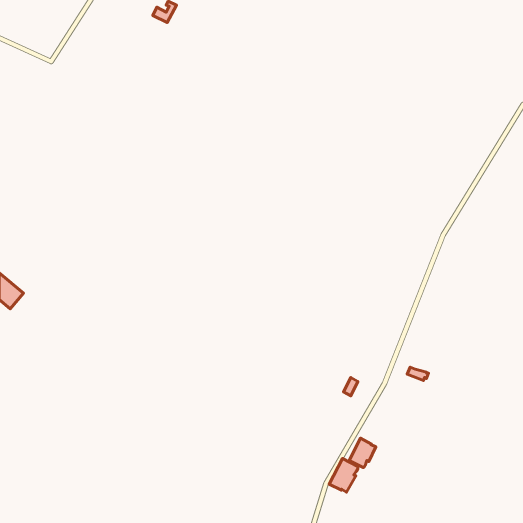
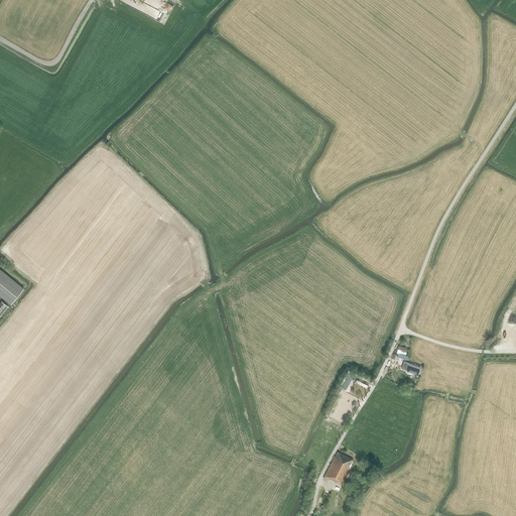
building: [349,438,376,468] -> none

